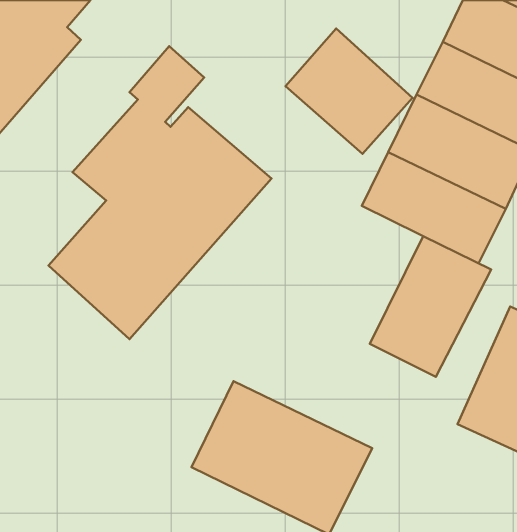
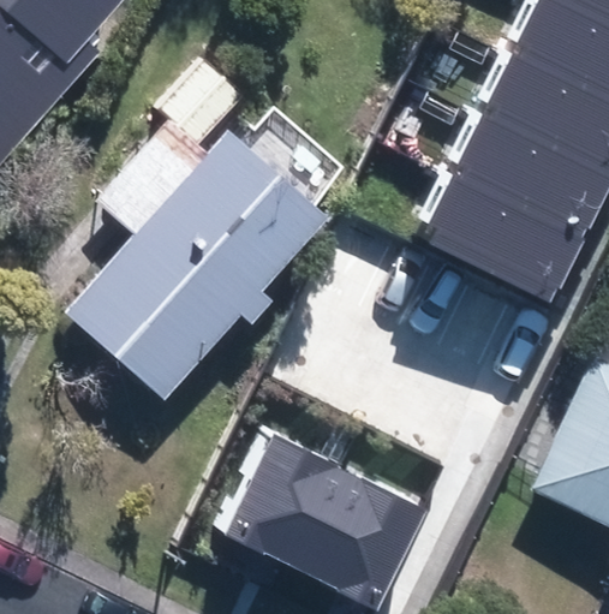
building: [285,28,412,154] -> none
building: [370,236,491,377] -> none

